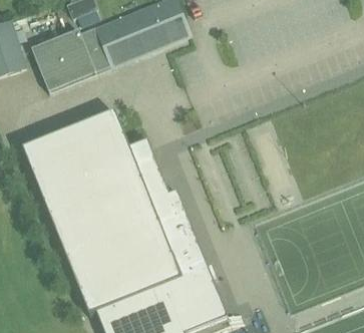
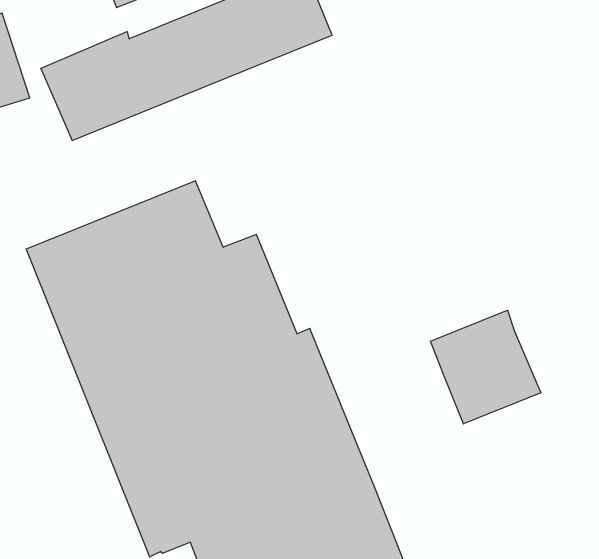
building: none -> [430,310,541,424]

